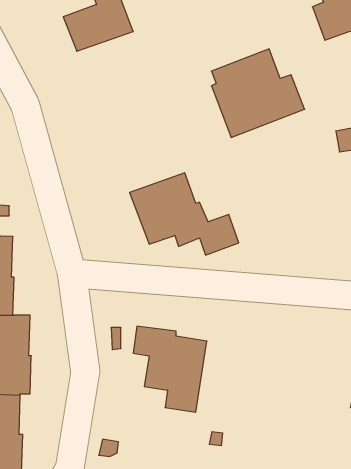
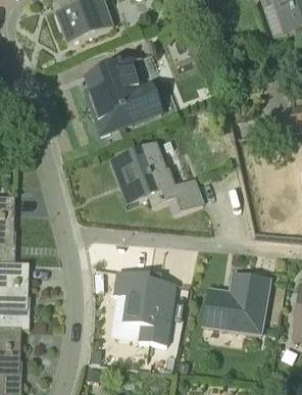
building: [211,49,305,137] -> [85,59,162,133]
building: none -> [204,274,268,335]

